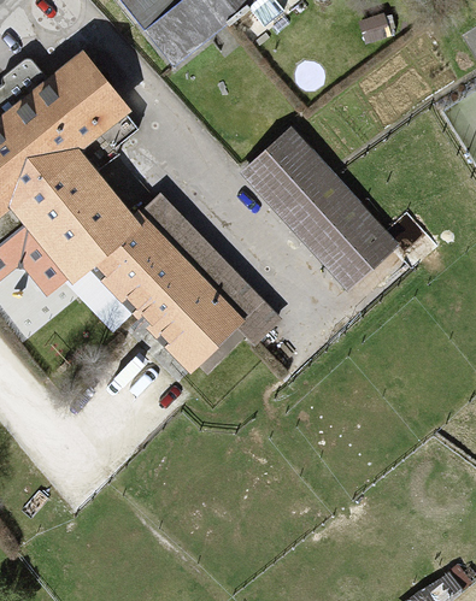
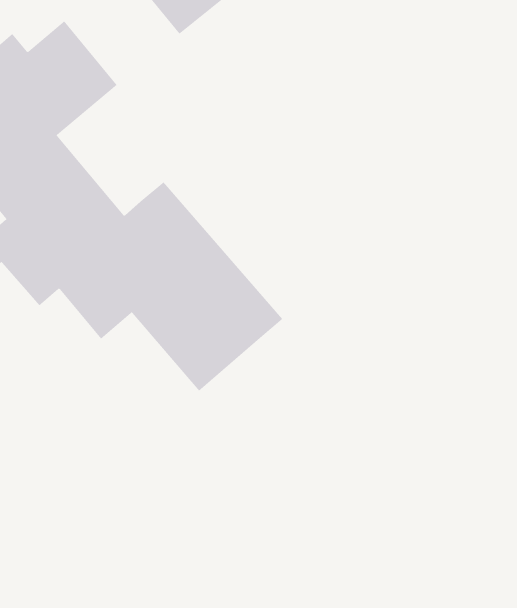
building: [245,131,398,291] -> none

